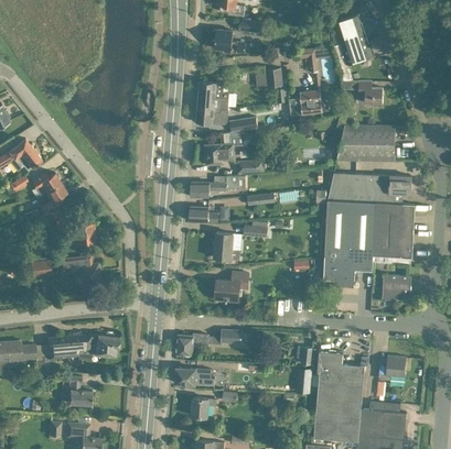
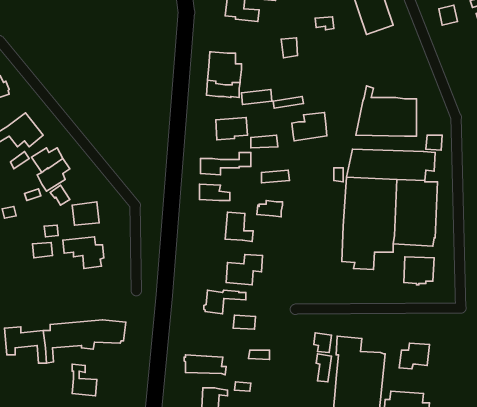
building: [342,80,382,103] -> none
building: [288,89,321,116] -> [292,113,327,141]
building: [174,333,214,355] -> [204,290,246,314]

